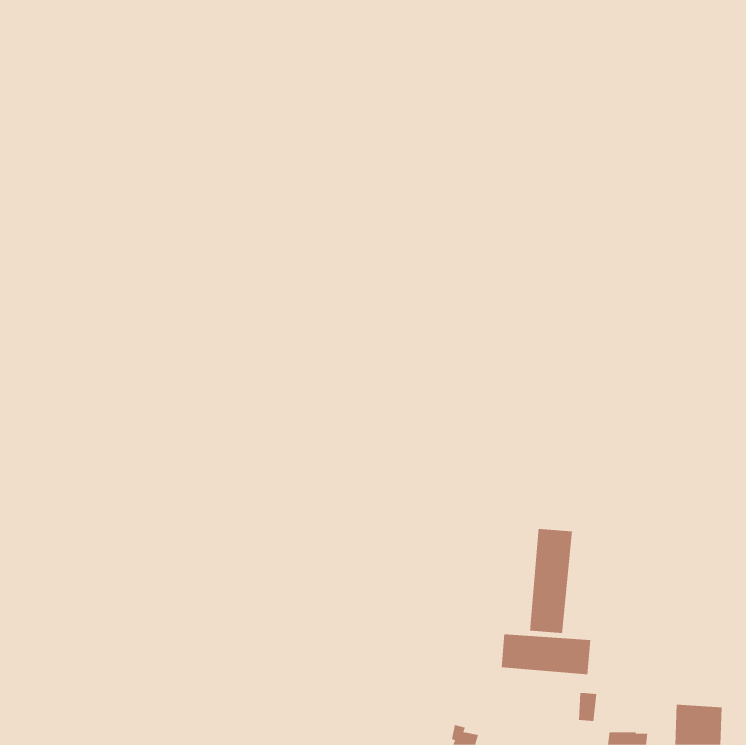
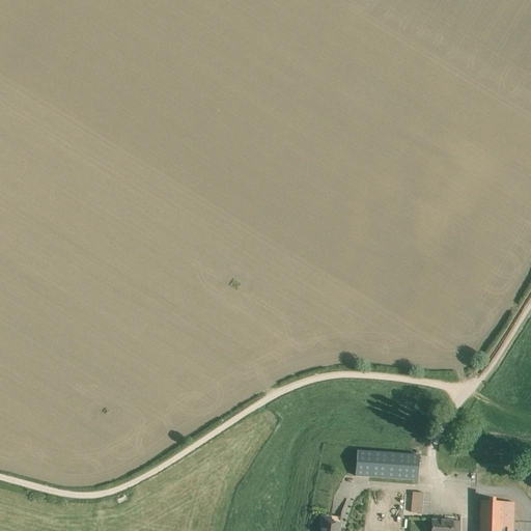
building: [530,528,573,634] -> none

